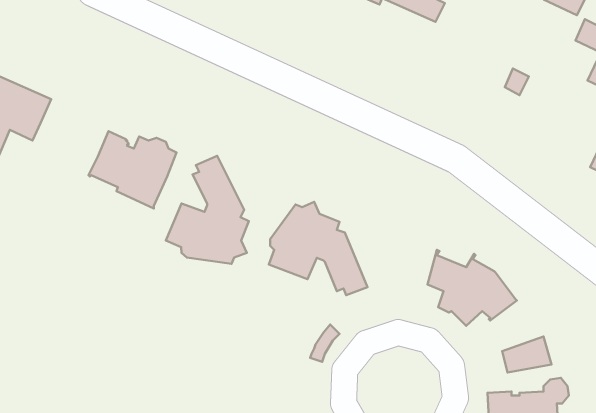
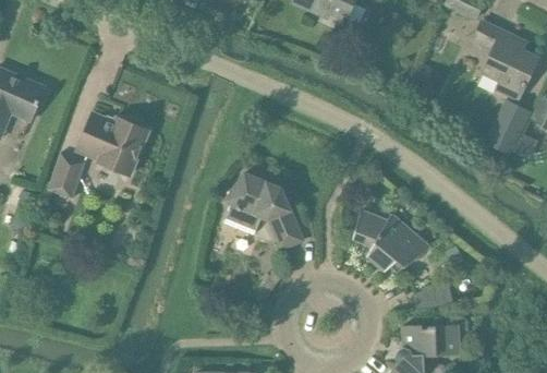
building: [166,156,249,264] -> none
building: none -> [48,153,86,198]

